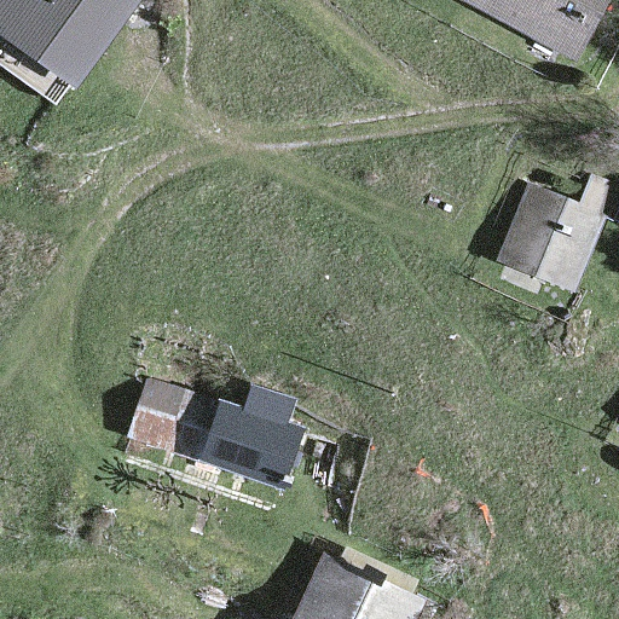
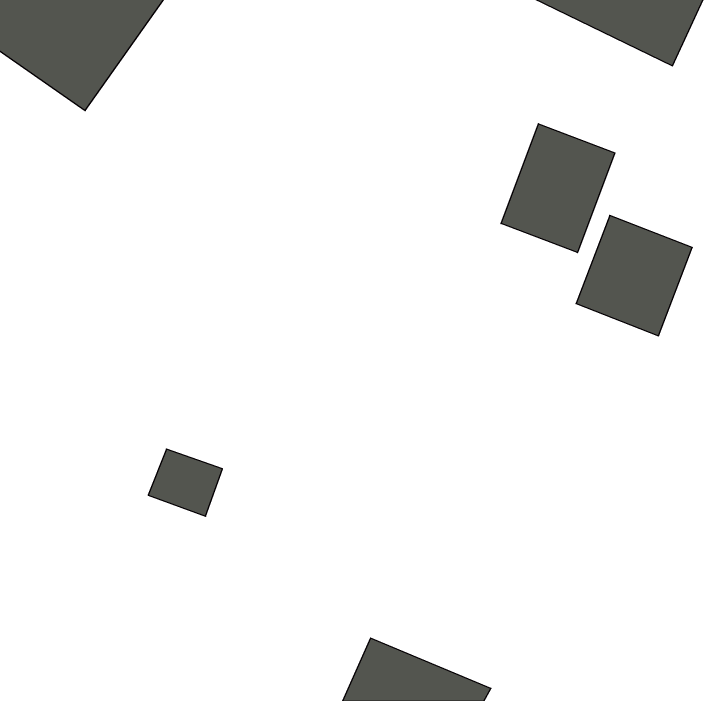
building: none -> [501,124,615,253]
building: [199,388,300,485] -> none

